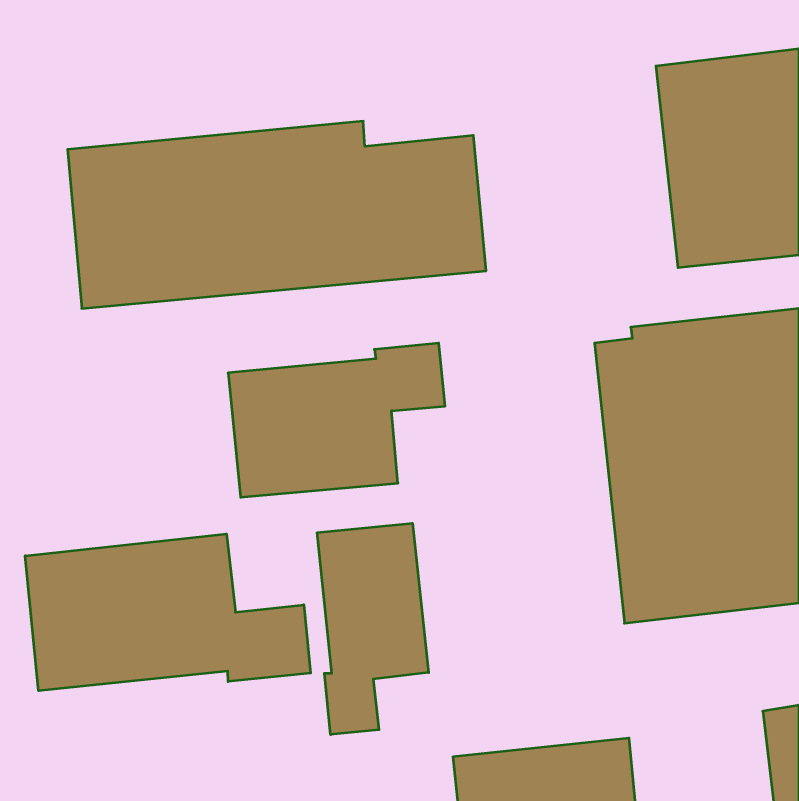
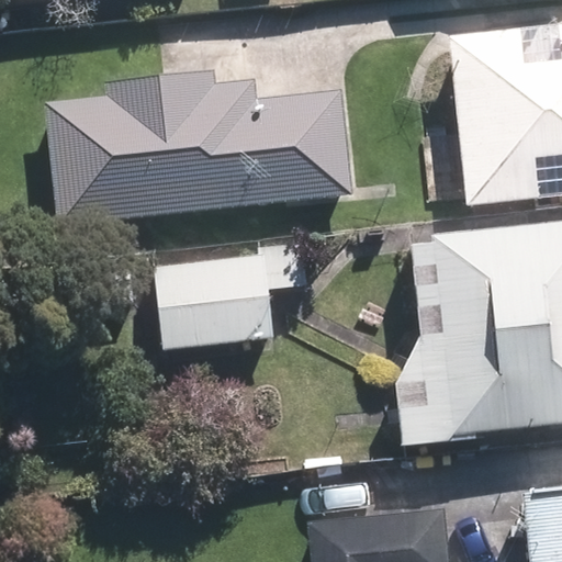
building: [317,523,429,735] -> none
building: [25,534,311,691] -> none

